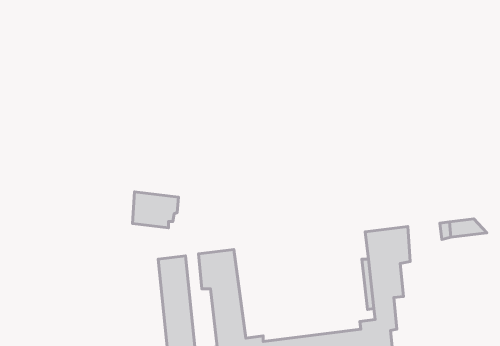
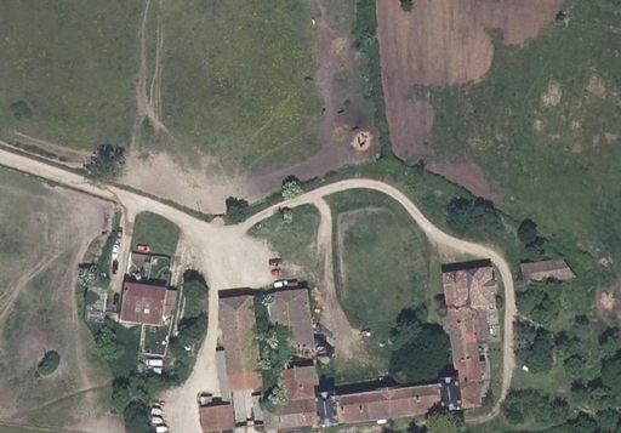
building: [132,192,178,228] -> [126,285,177,325]

